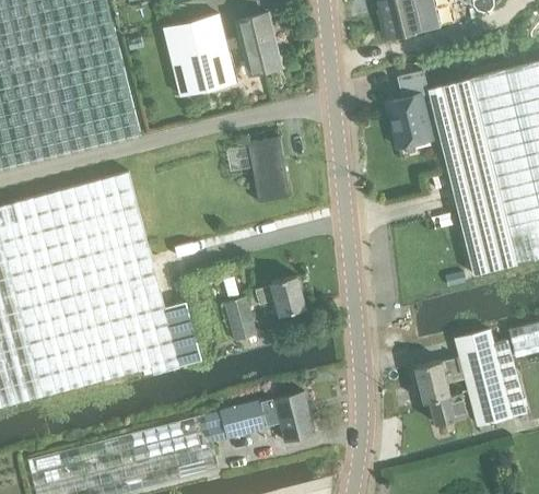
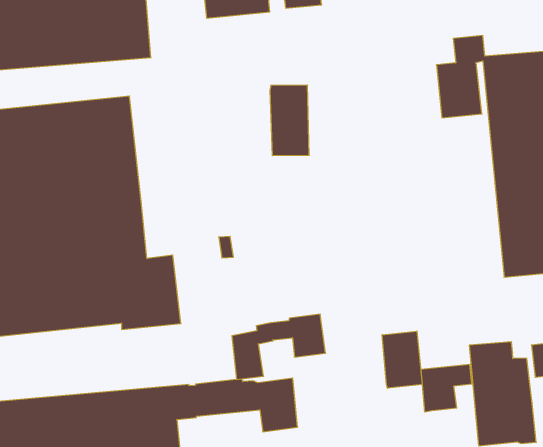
building: [224,274,307,342] -> [232,314,326,380]
building: none -> [382,331,422,388]
building: [431,393,469,424] -> none

